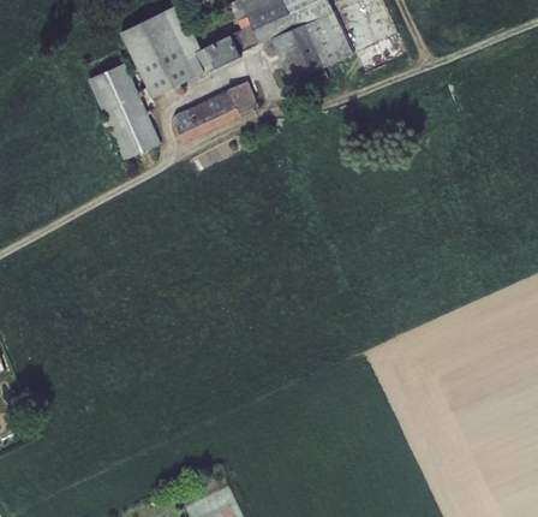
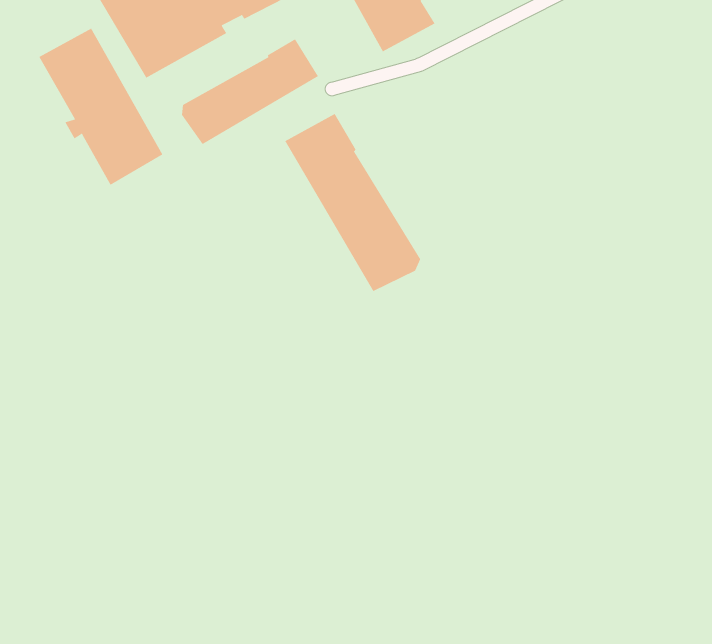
building: none -> [284,113,421,292]

